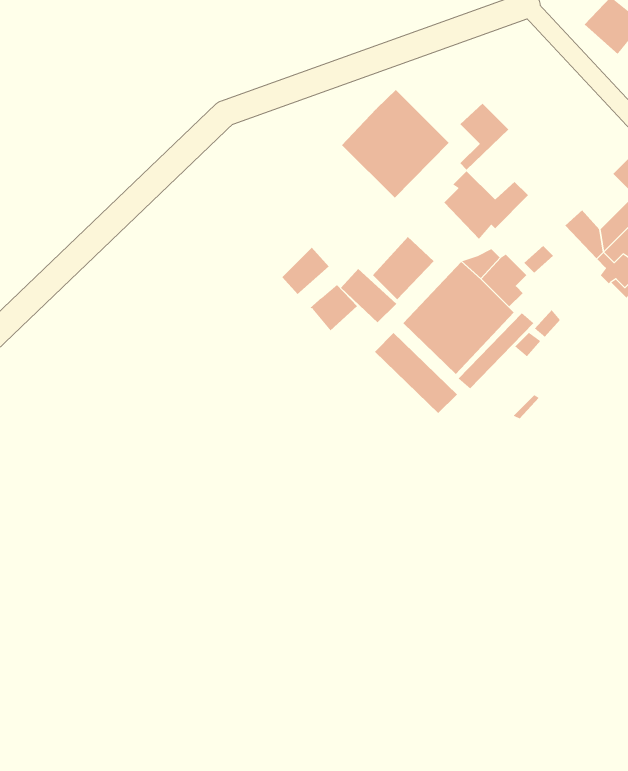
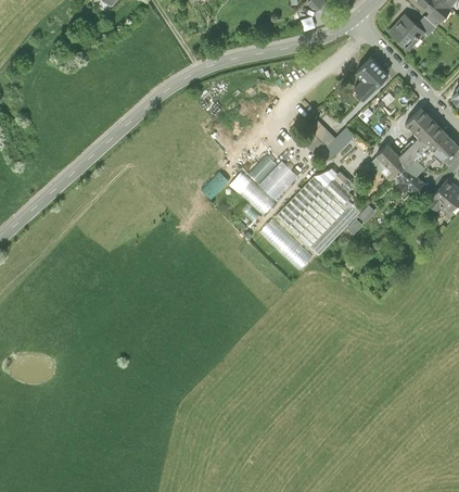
building: [341,89,449,199] -> none
building: [459,103,509,170] -> [357,58,387,99]
building: [309,284,358,331] -> none

